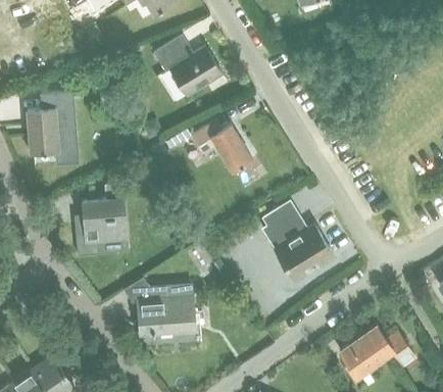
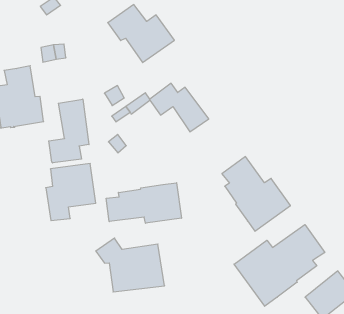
building: none -> [49,99,89,163]
building: none -> [106,183,181,223]
building: none -> [234,225,325,306]

